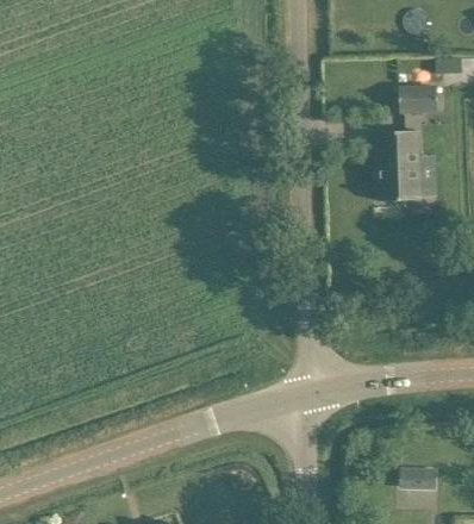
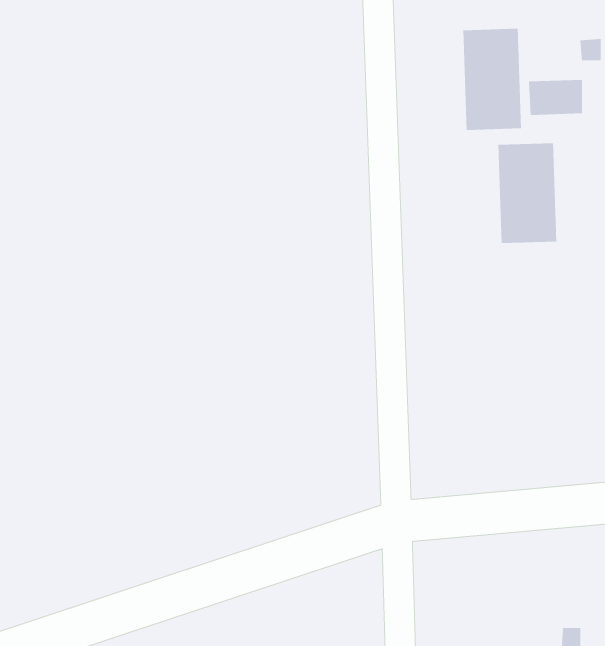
building: none -> [463,28,521,131]

